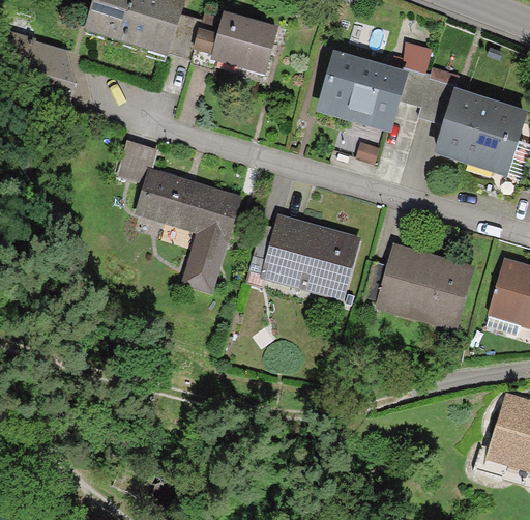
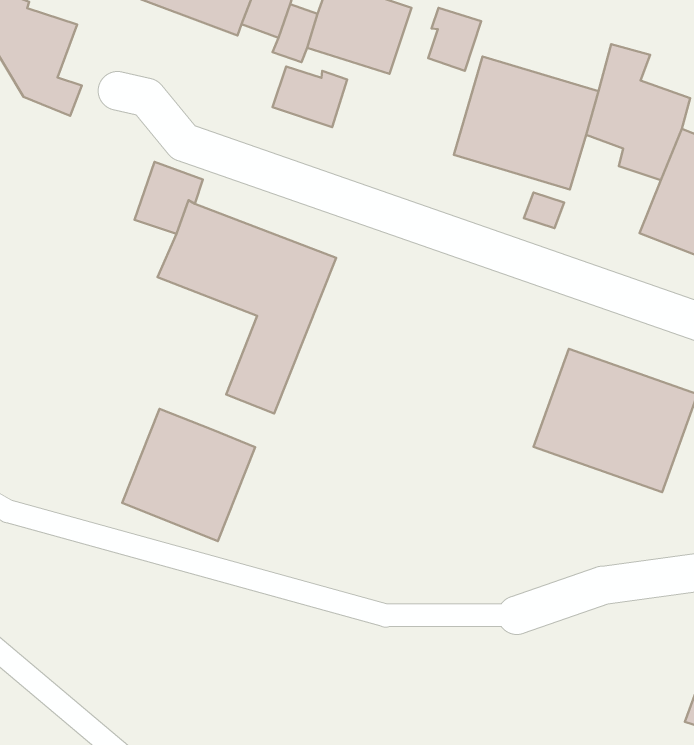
building: none -> [428,8,481,71]
building: none -> [272,67,347,127]
building: [261,213,360,298] -> none
building: none -> [122,409,255,541]

